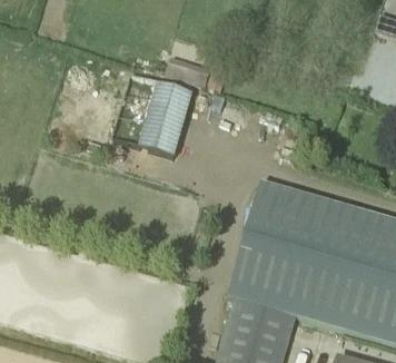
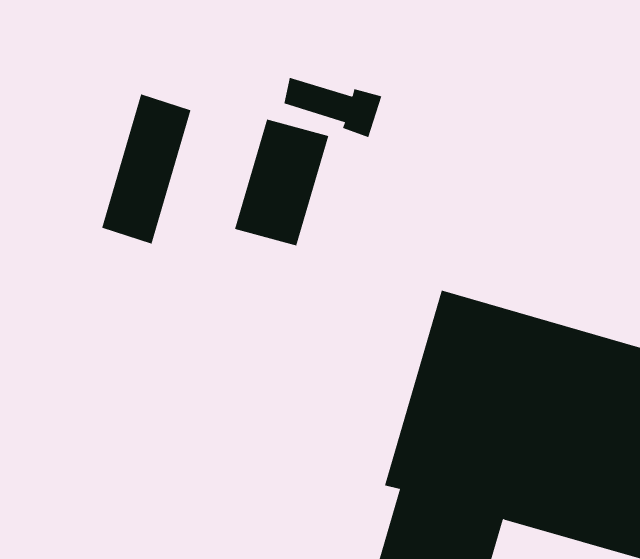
building: none -> [101,93,191,245]

